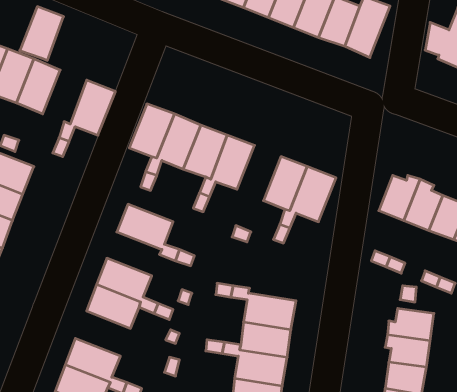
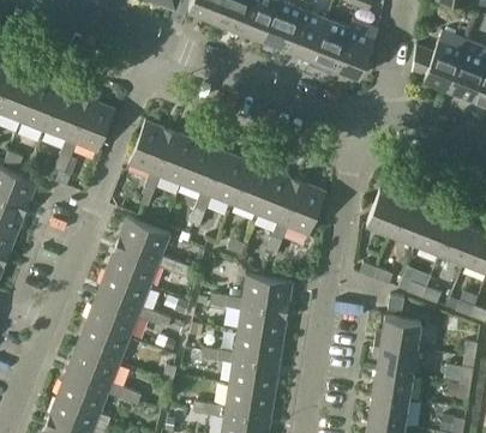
building: [20,7,64,60] -> [46,91,88,143]
building: none -> [232,163,274,216]
building: none -> [107,246,160,288]
building: none -> [242,277,293,312]
building: none -> [77,321,130,365]

